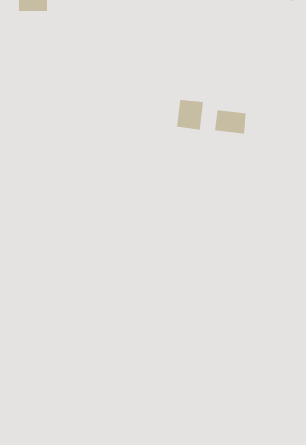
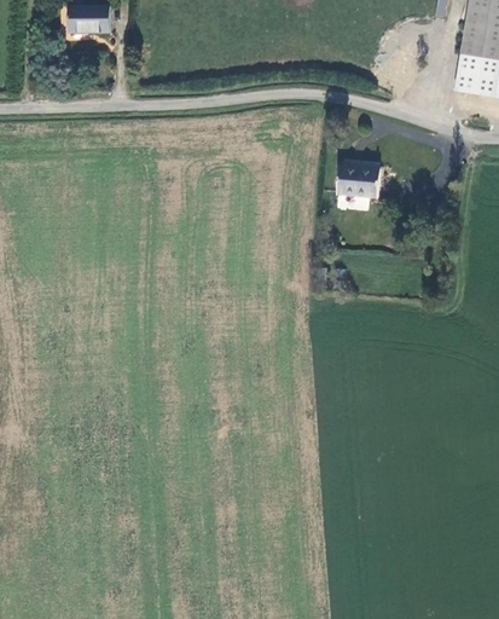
building: [177,99,203,130] -> none

